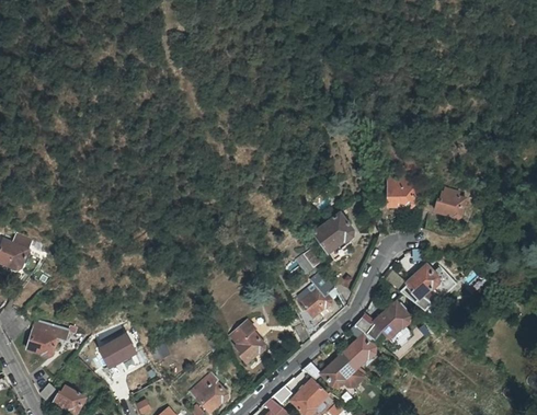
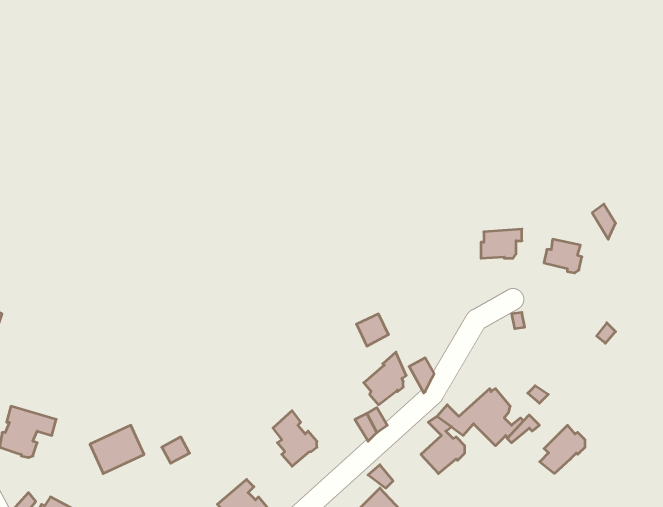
building: [313,215,352,252] -> none
building: [403,266,437,302] -> [540,425,585,473]
building: [322,354,366,387] -> none

